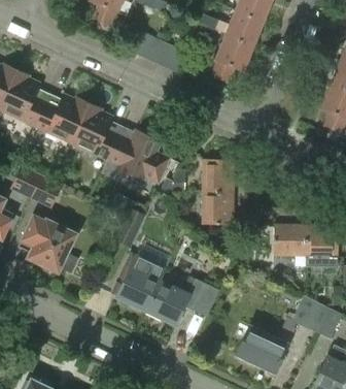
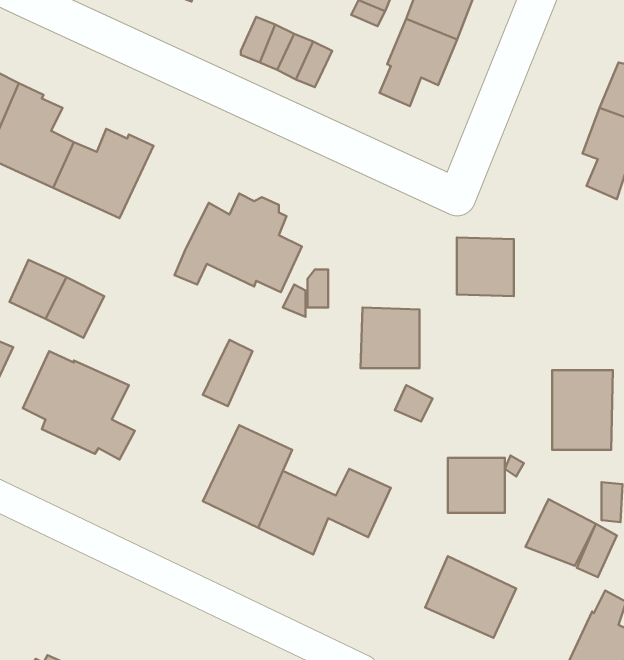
building: [71,104,119,160] -> none
building: [203,161,234,193] -> [457,237,514,296]
building: [275,226,306,256] -> [448,458,505,513]

